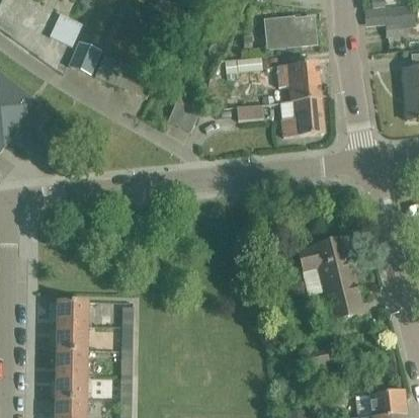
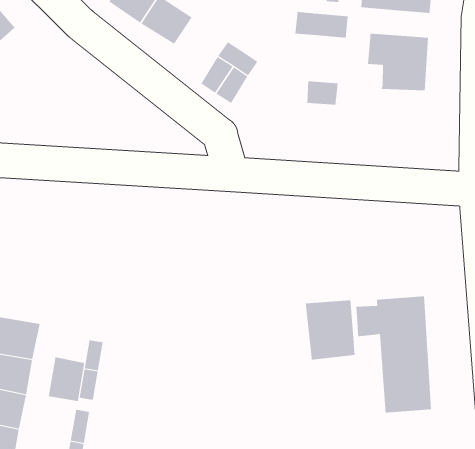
building: [279,98,324,137] -> none
building: none -> [305,300,355,361]
building: none -> [48,356,85,402]

